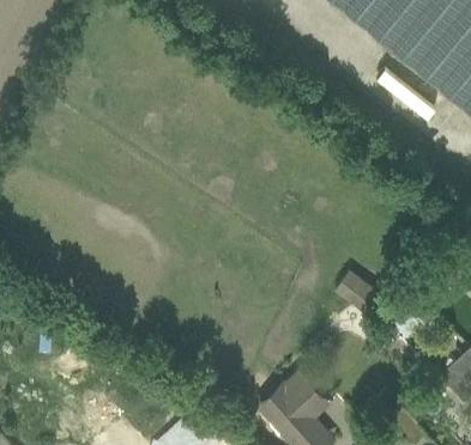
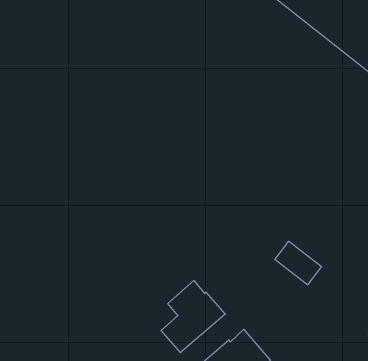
building: none -> [161,281,225,353]

